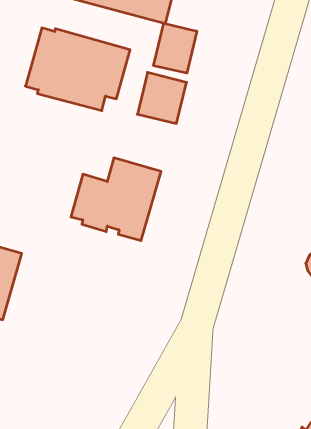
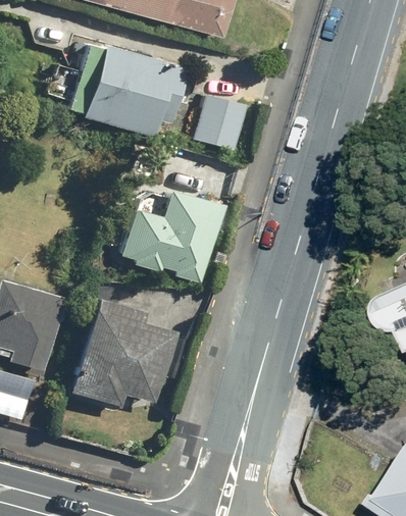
building: [154,23,197,73] -> none
building: none -> [64,295,170,406]

